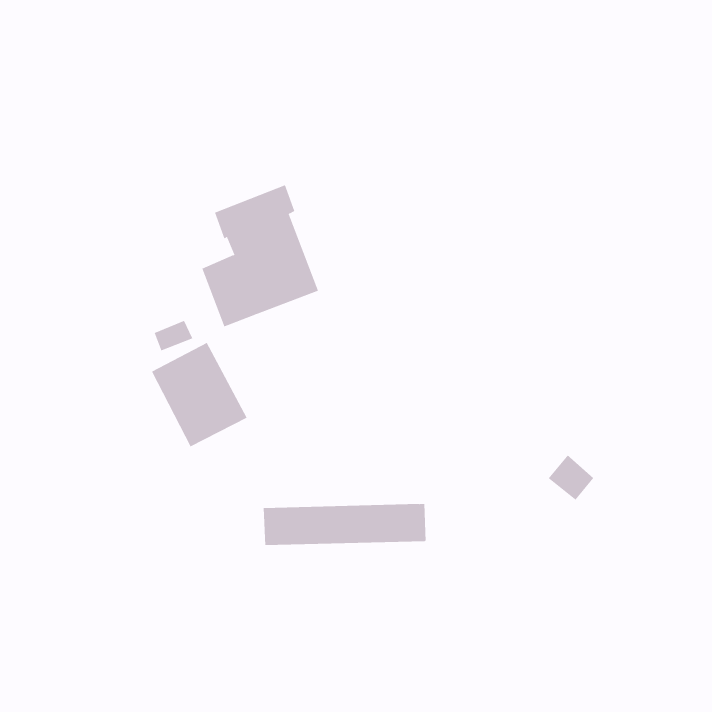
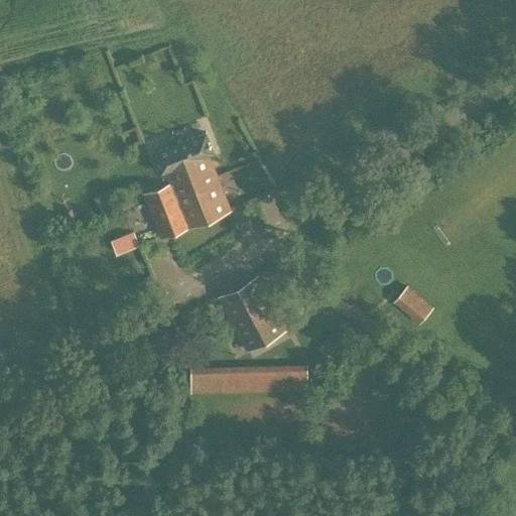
building: [151,342,248,447] -> [220,277,289,353]
building: [548,454,594,501] -> [396,288,429,321]

